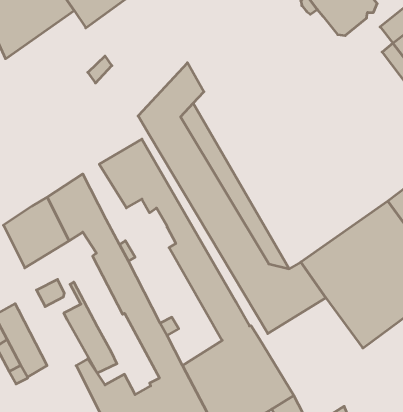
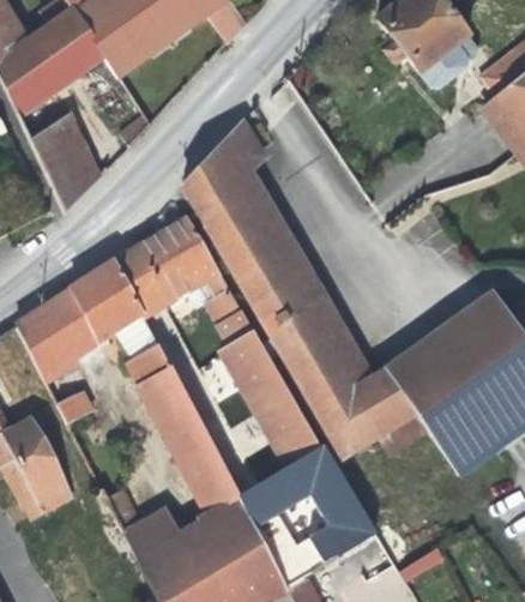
building: none -> [32,118,99,212]
building: none -> [115,247,169,315]
building: [64,282,117,373] -> none

